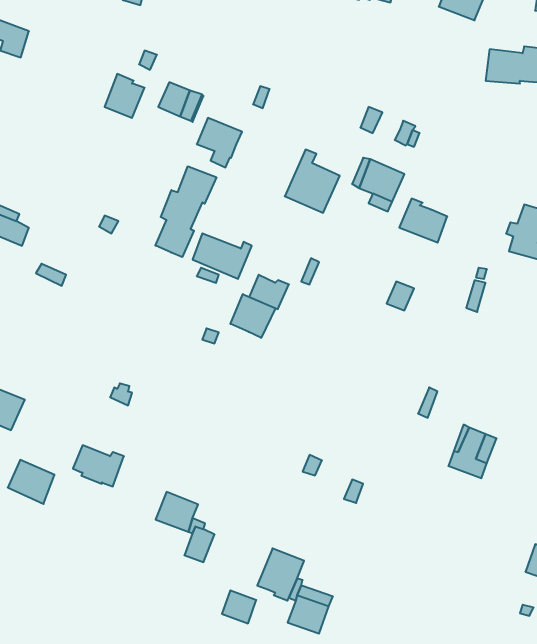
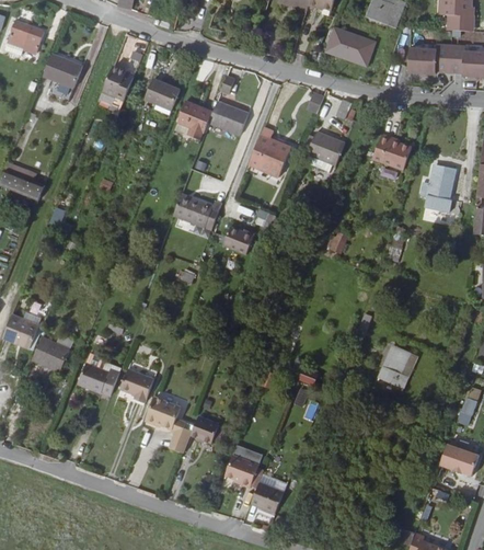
building: none -> [323,31,374,71]
building: none -> [43,57,82,90]
building: none -> [208,101,246,134]
building: [155,166,216,257] -> none
building: [399,199,447,243] -> [372,137,411,172]
building: [230,294,275,338] -> none
building: none -> [118,366,152,401]
building: [8,460,55,504] -> [33,339,70,374]
building: [222,590,256,623] -> [192,419,219,445]

